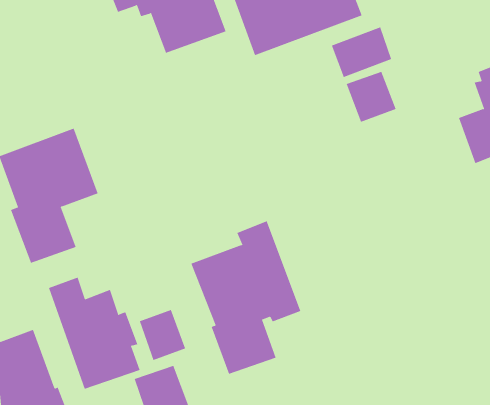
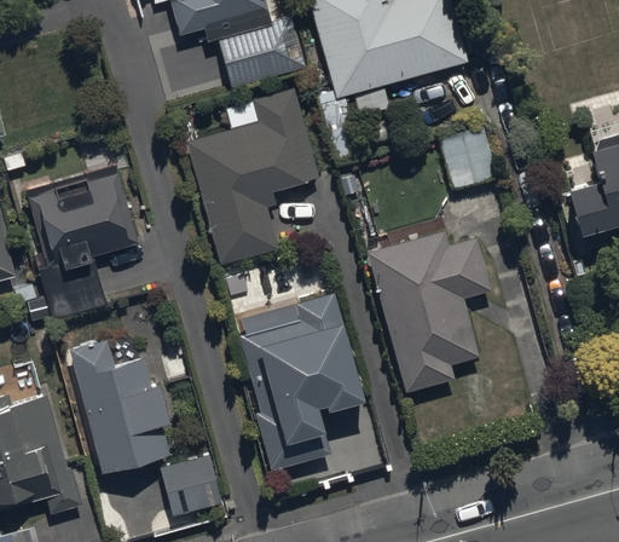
building: [331,26,392,78] -> none
building: none -> [187,88,318,264]
building: none -> [366,230,492,393]
building: [139,309,186,361] -> none

